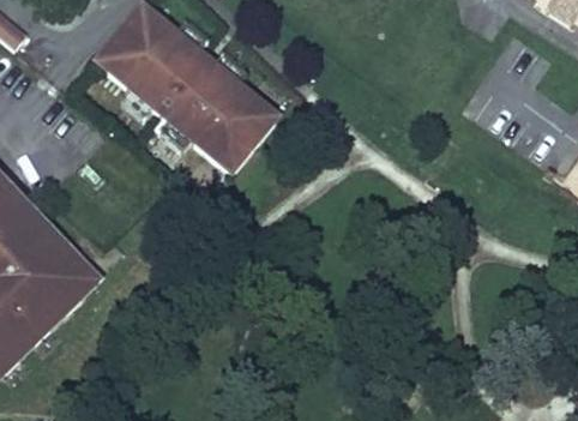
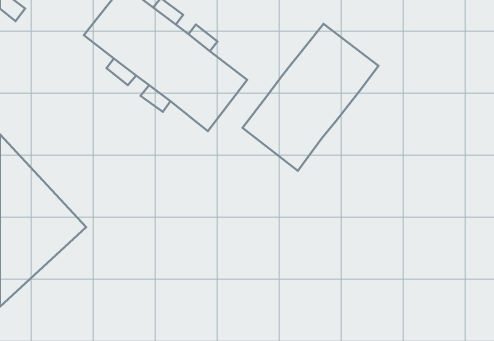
building: none -> [242,24,379,171]

